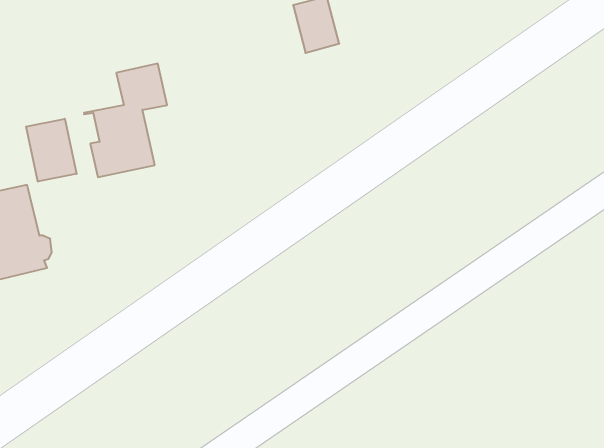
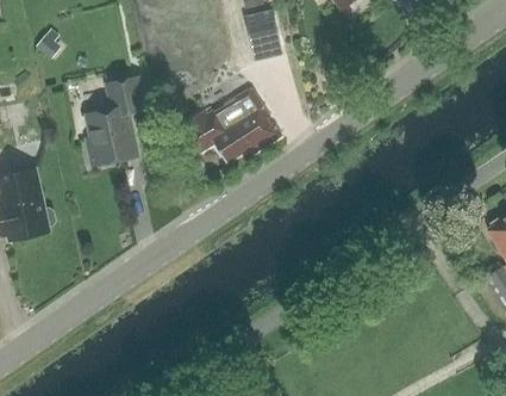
building: none -> [183,85,282,160]
building: [26,119,77,182] -> none

